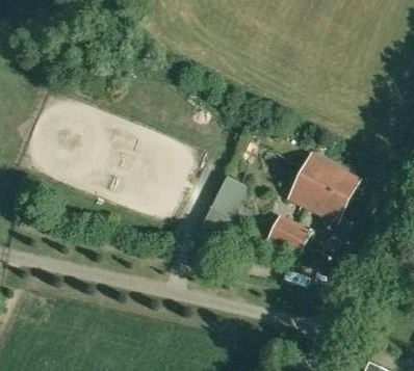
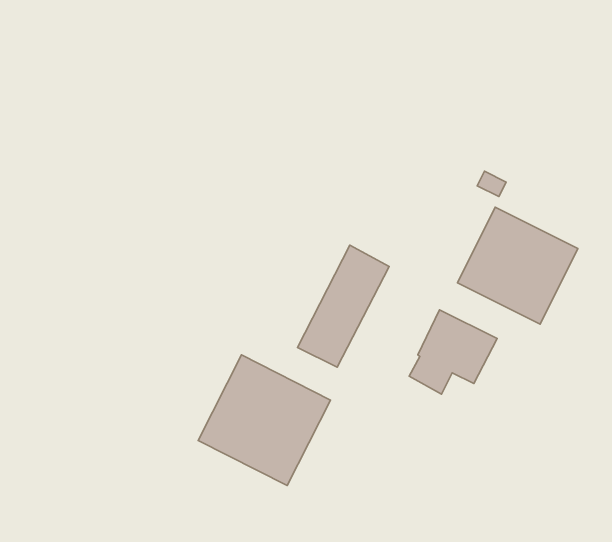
building: none -> [198,355,330,486]

